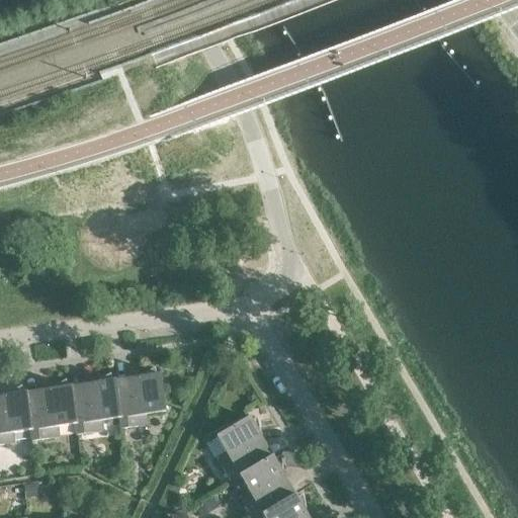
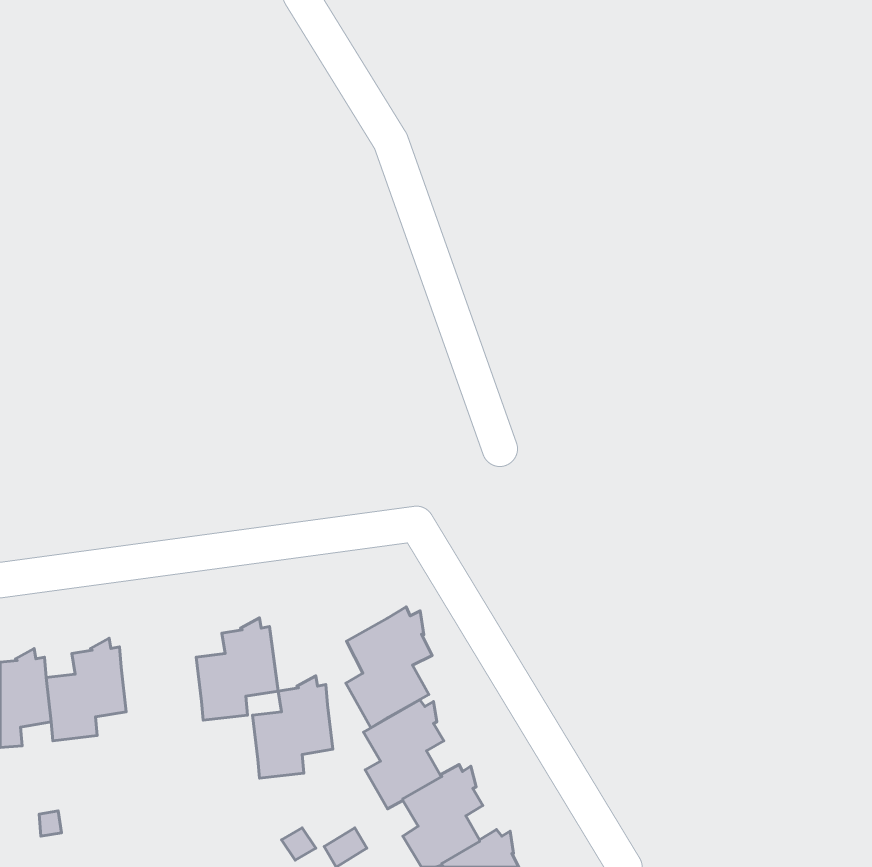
building: none -> [346,607,432,728]
building: [72,372,119,433] -> [253,676,333,778]

